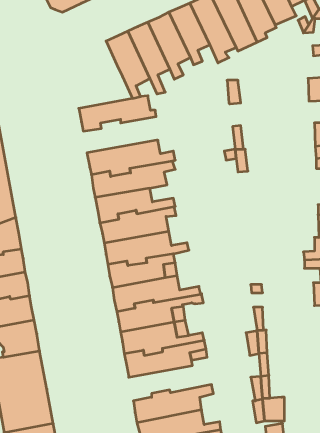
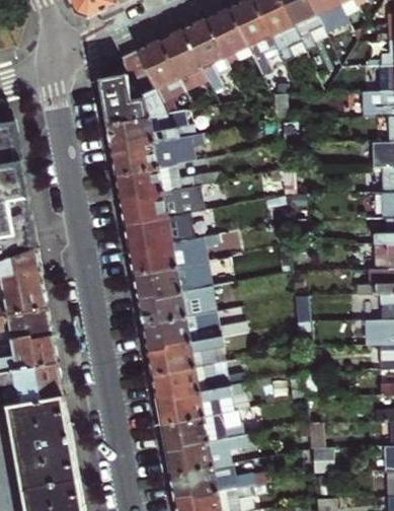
building: none -> [98,50,166,125]
building: none -> [111,133,202,174]
building: none -> [162,412,264,451]

